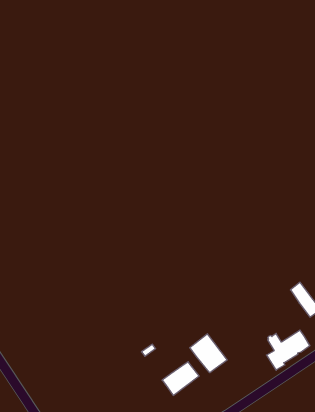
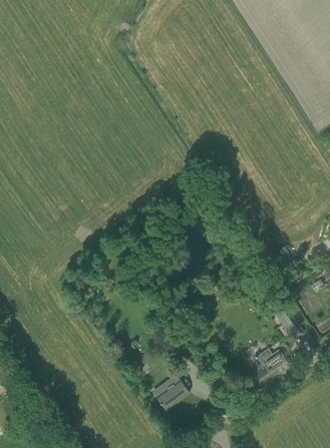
building: [190,334,227,373] -> none

